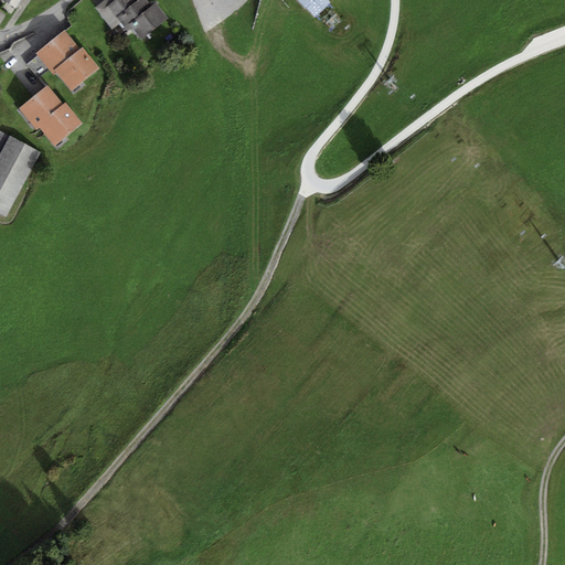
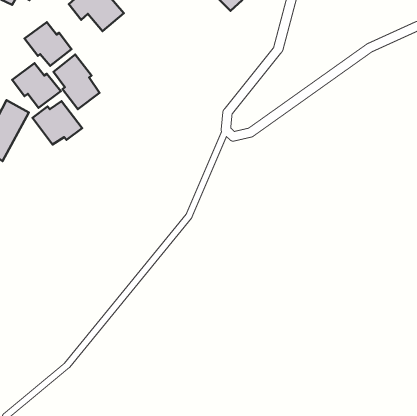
building: none -> [53,54,100,109]
building: none -> [33,101,82,144]

